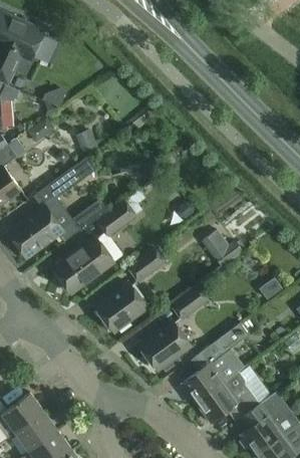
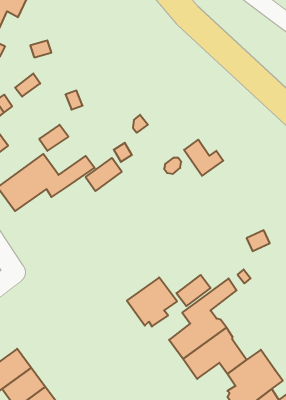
building: [203,230,242,266] -> [184,140,223,176]
building: [53,237,113,293] -> none
building: [129,249,164,280] -> none
building: [96,283,146,331] -> none
building: [173,287,207,318] -> [176,275,211,306]

